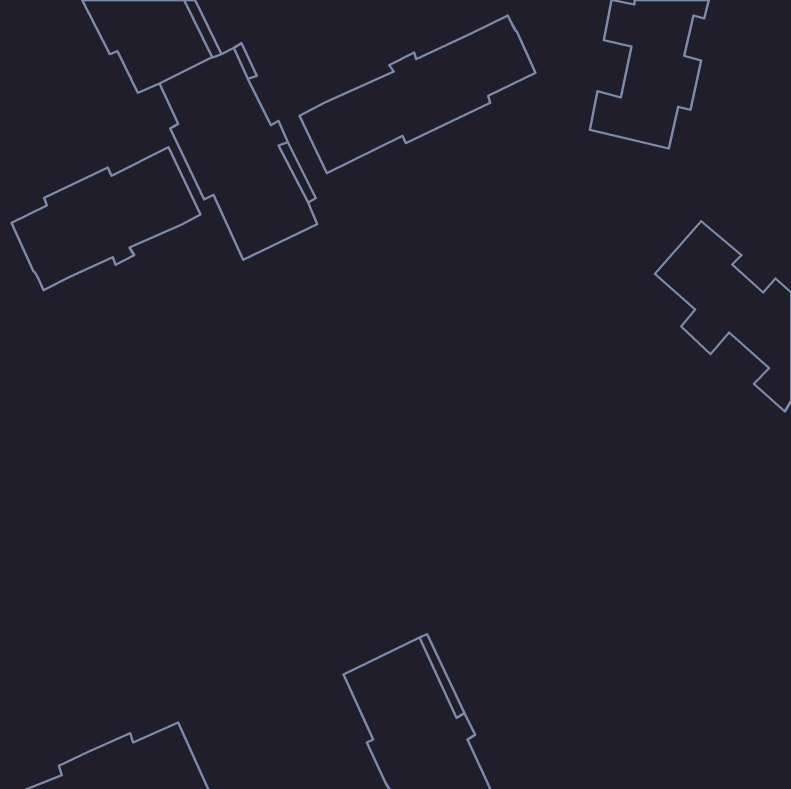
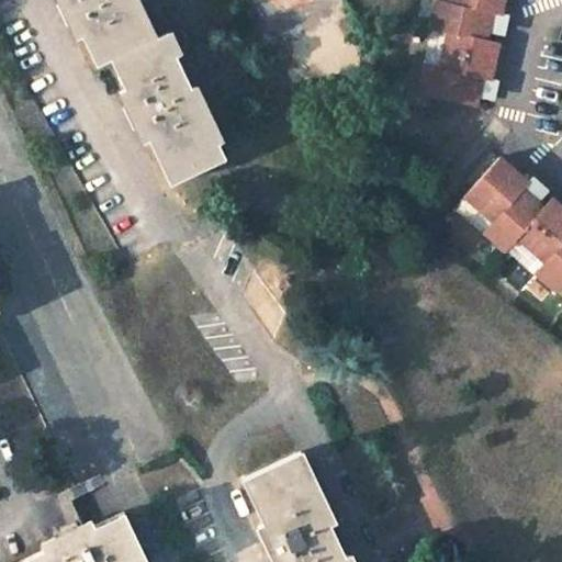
building: [299,15,535,173] -> none
building: [12,147,201,290] -> none

